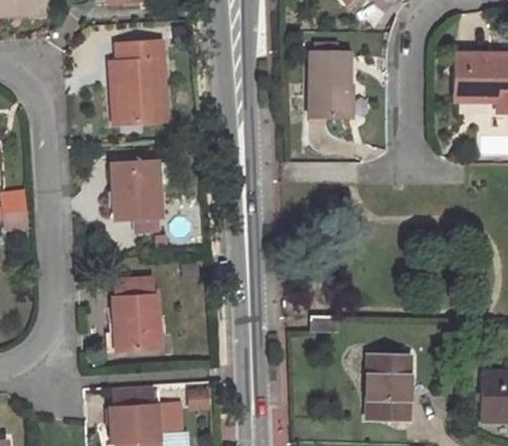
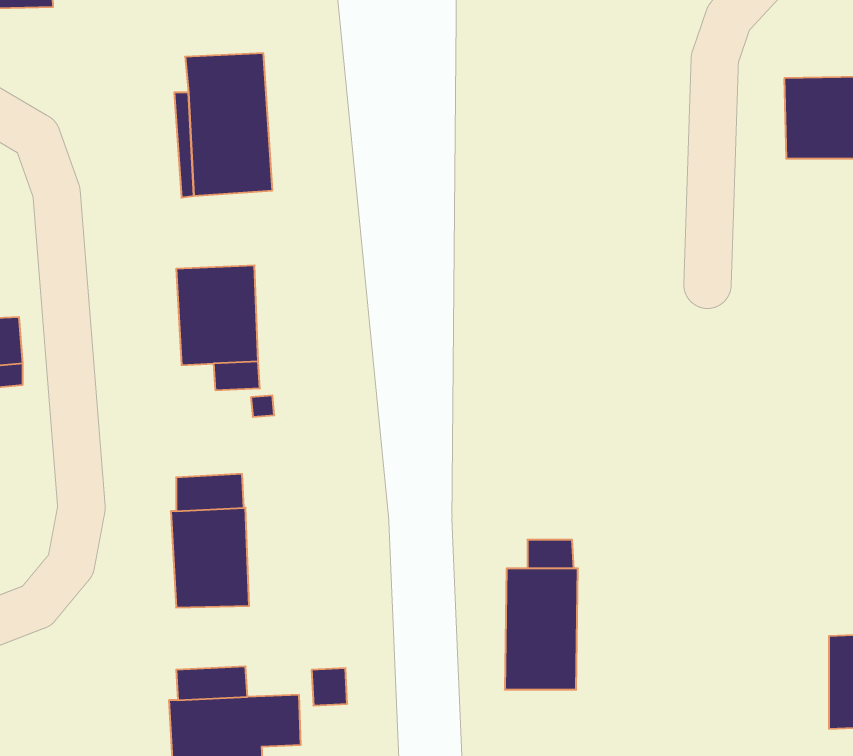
building: [309,51,350,116] -> none
building: [368,353,409,422] -> [505,568,578,690]

